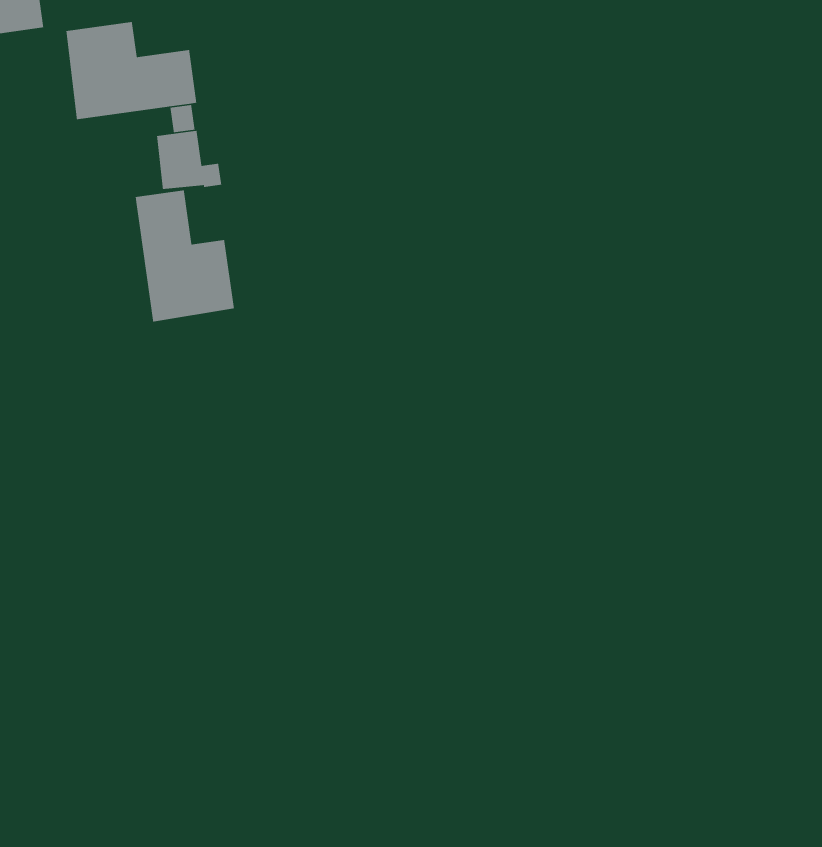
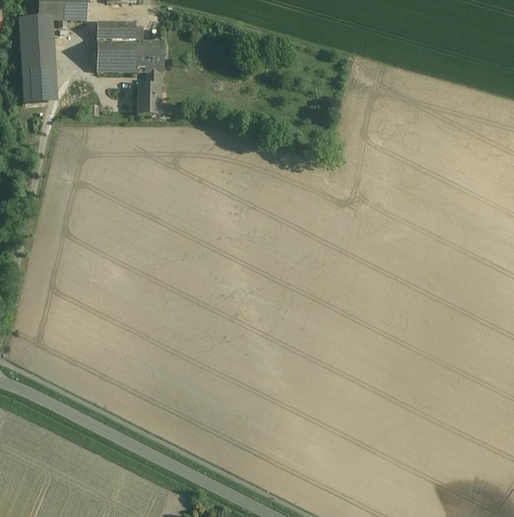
building: [135,189,235,322] -> none

